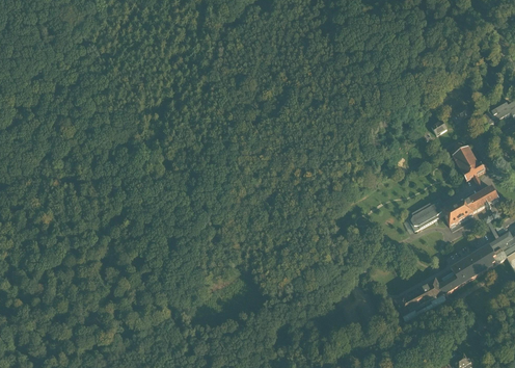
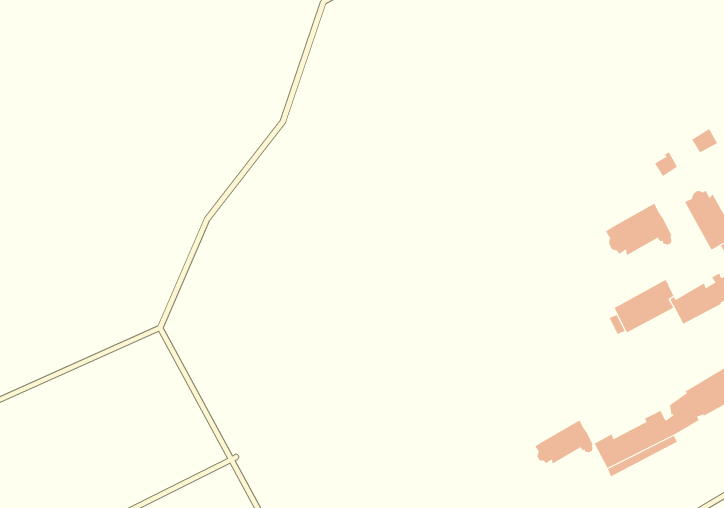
building: none -> [605,203,672,256]
building: none -> [535,420,593,465]

